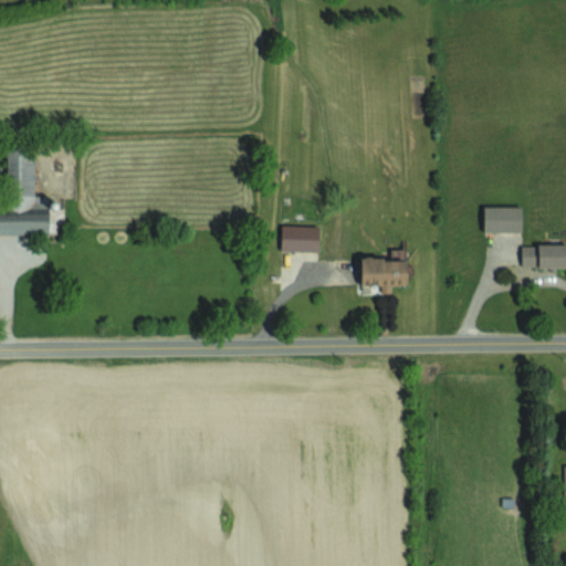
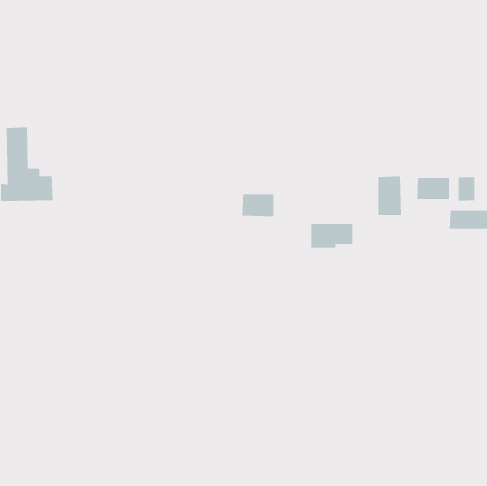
building: none -> [378,175,401,216]
building: none -> [458,177,475,202]

